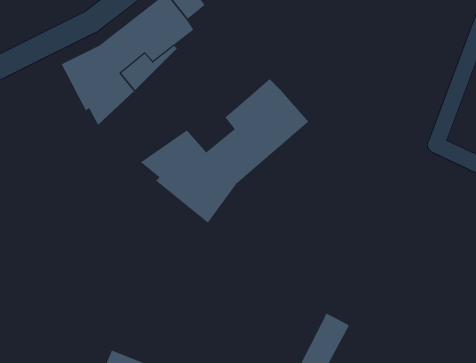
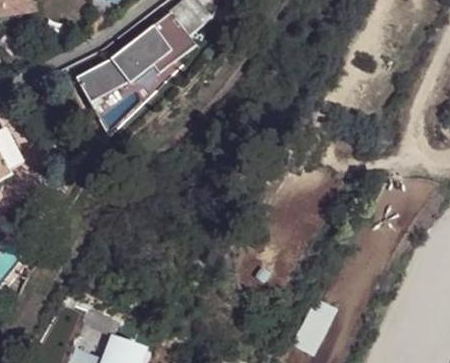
building: [140,78,309,224] -> none

